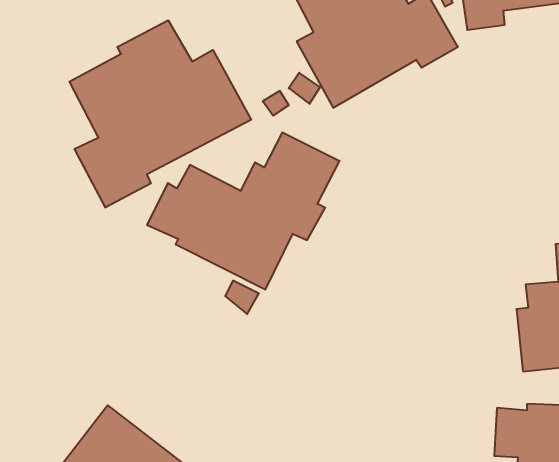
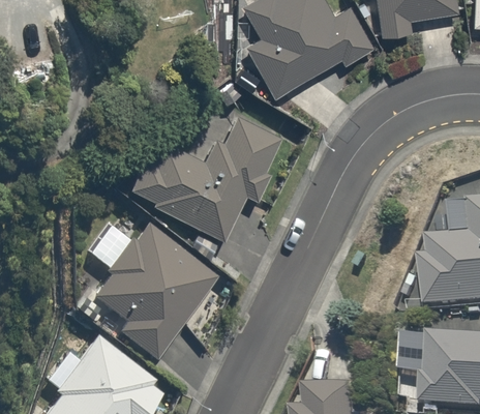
building: [69,20,251,208] -> none
building: none -> [93,224,218,358]

